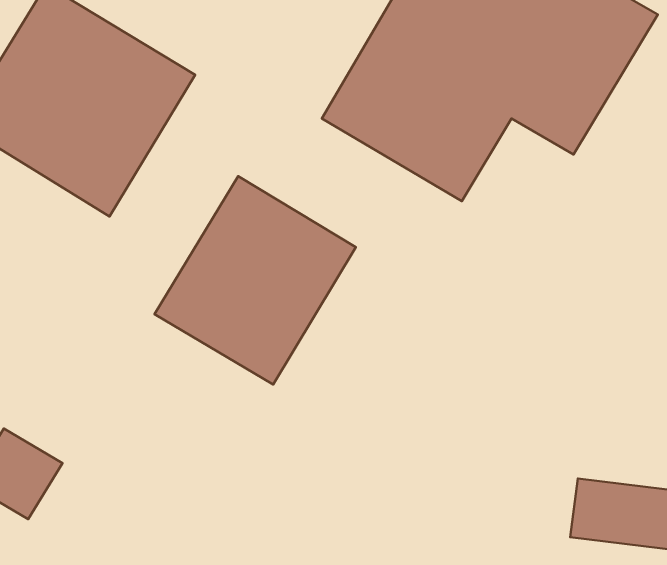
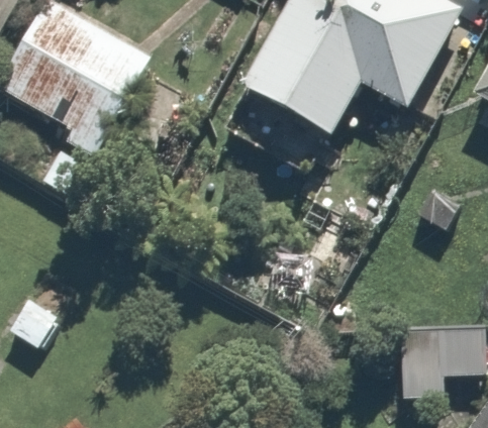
building: [155,176,356,385] -> none

